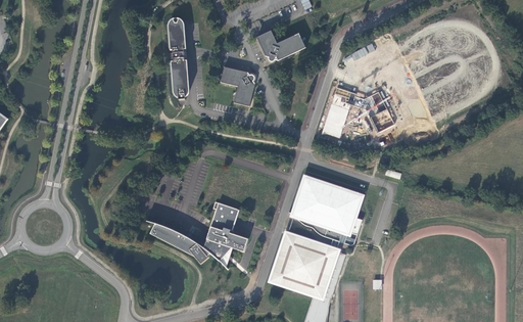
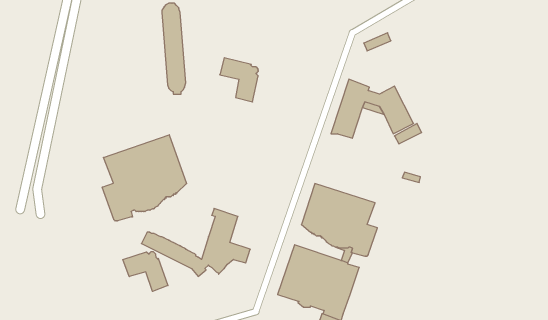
building: [256,30,305,60] -> none
building: none -> [102,135,187,221]
building: none -> [123,252,168,291]

